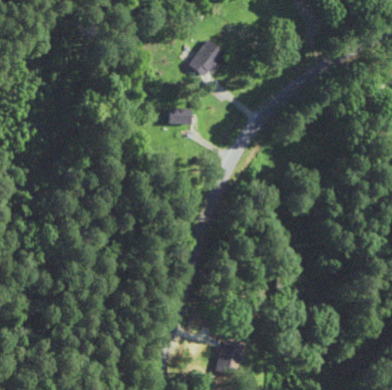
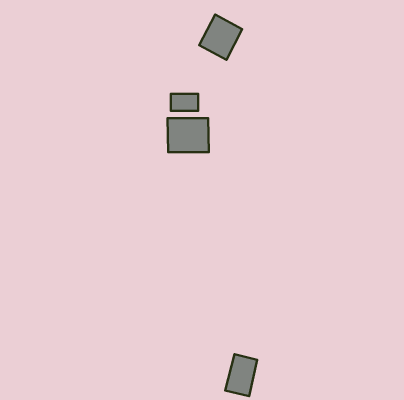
building: none -> [168,118,209,152]

